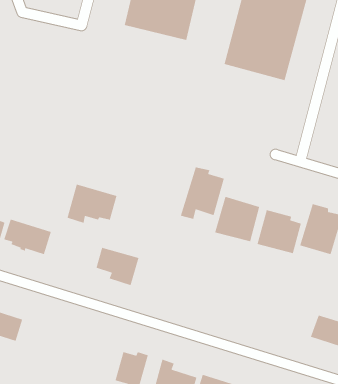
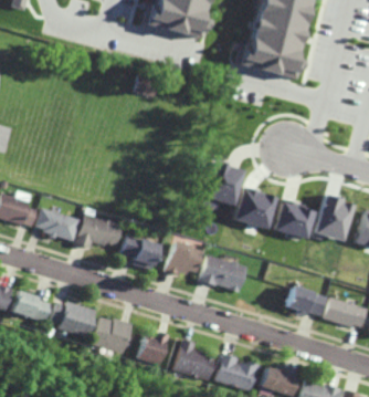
building: [67,184,117,224] -> [75,211,123,249]
building: none -> [166,241,202,275]
building: none -> [199,254,245,291]
building: none -> [285,284,326,316]
building: none -> [52,300,98,337]
building: none -> [94,316,134,354]

